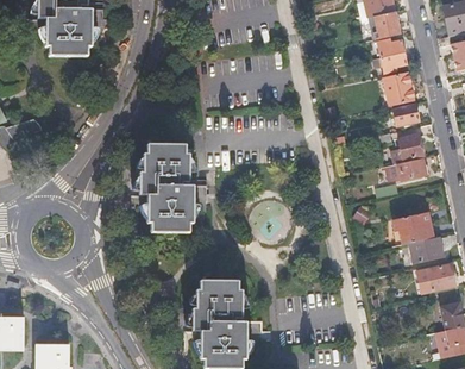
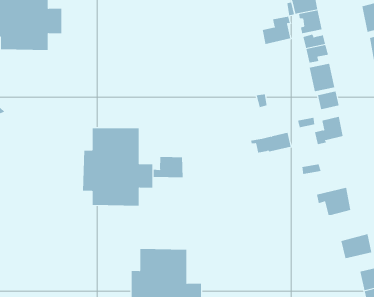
building: none -> [262,16,291,45]
building: [381,156,427,180] -> [250,132,291,153]
building: none -> [153,156,183,178]
building: [409,236,444,263] -> none

